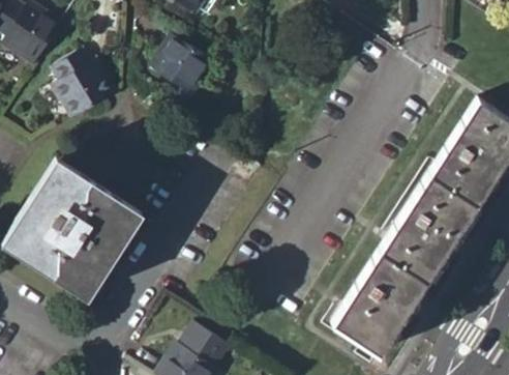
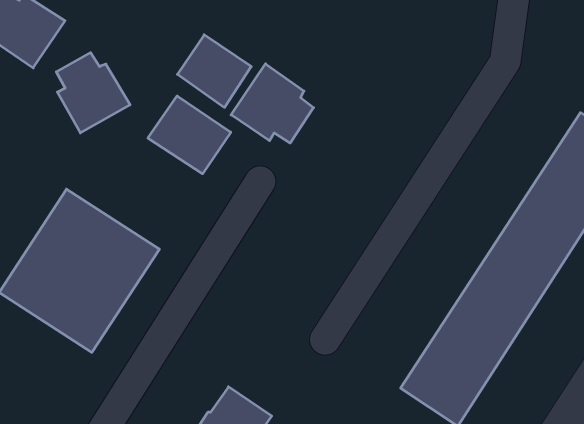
building: none -> [231,64,314,143]
building: none -> [148,96,231,174]

